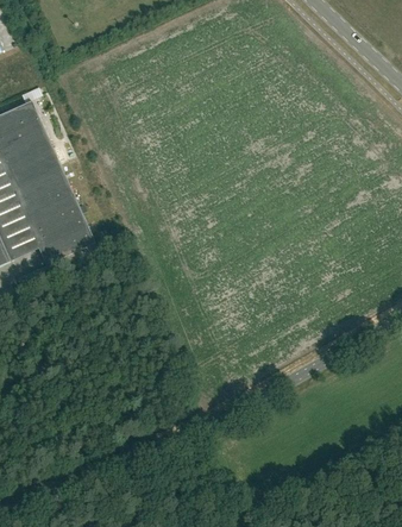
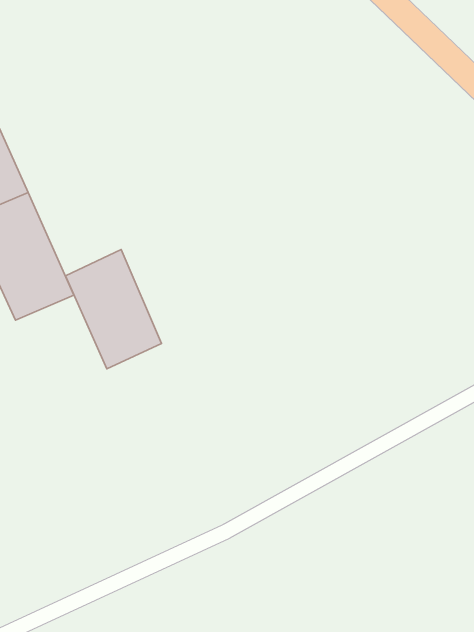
building: none -> [65,250,162,369]

